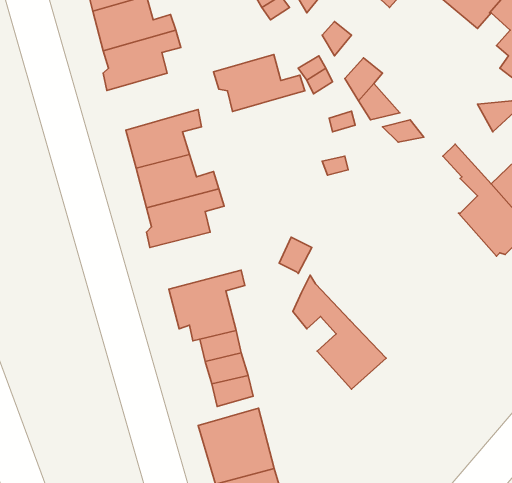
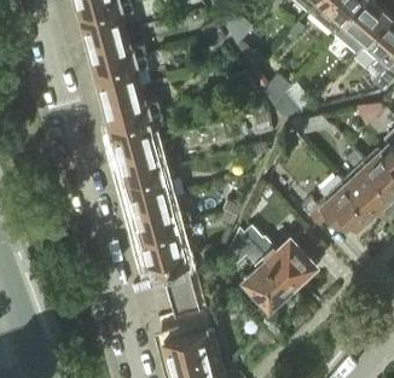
building: [214,55,305,112] -> [100,89,164,129]
building: none -> [305,179,373,235]
building: none -> [131,200,195,240]
building: none -> [247,229,319,289]

